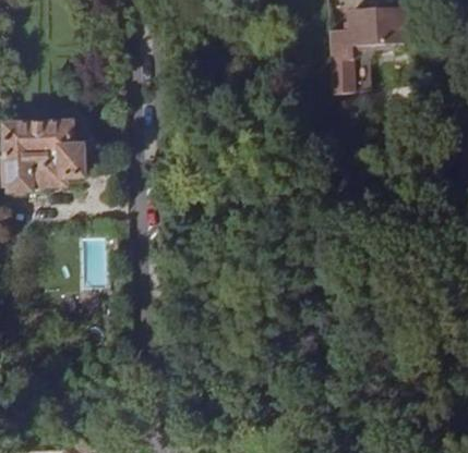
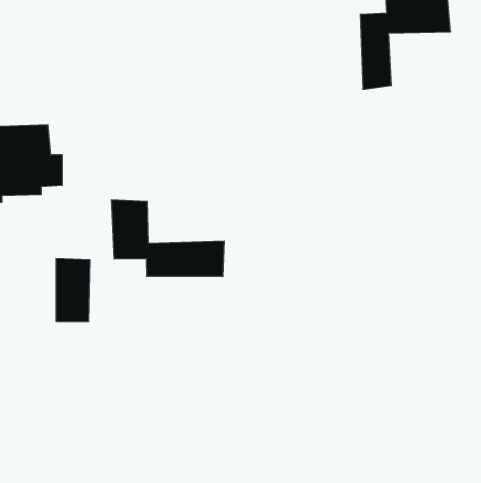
building: none -> [111,200,224,277]

